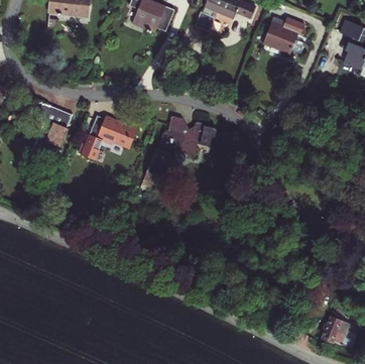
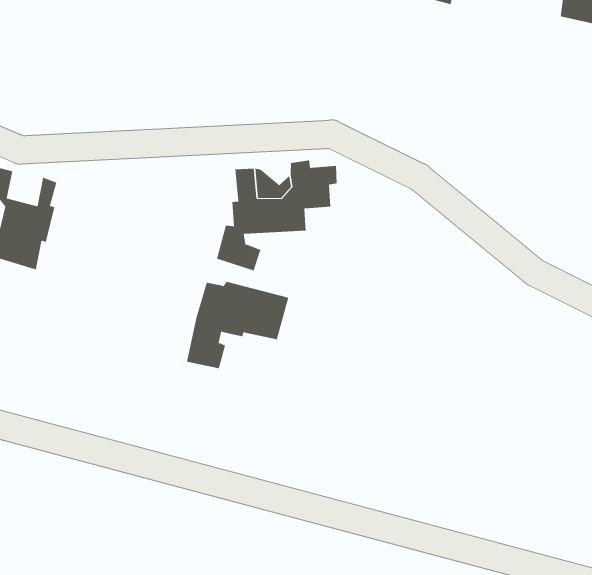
building: [85,113,141,157] -> [186,281,289,369]

